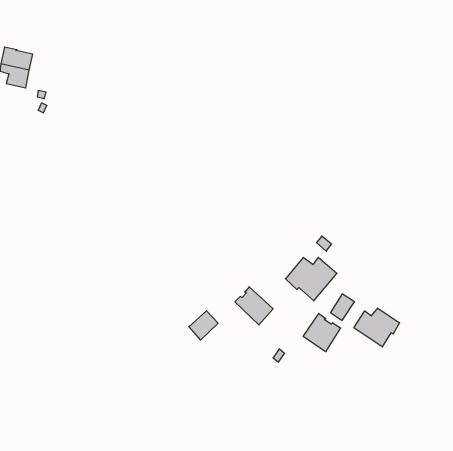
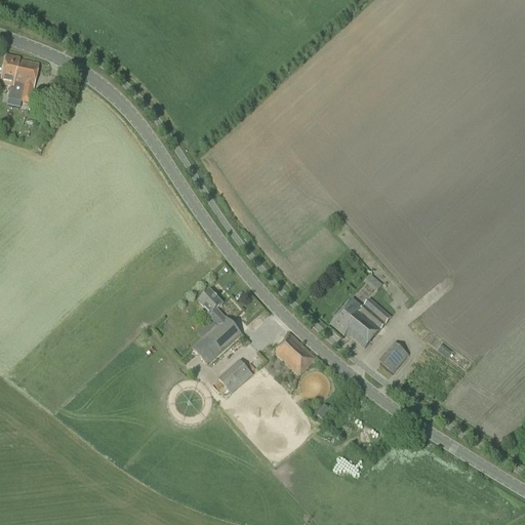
building: none -> [192,289,241,364]
building: [354,308,400,347] -> none
building: [303,313,341,352] -> none

